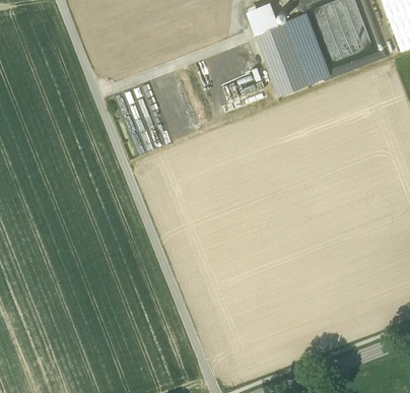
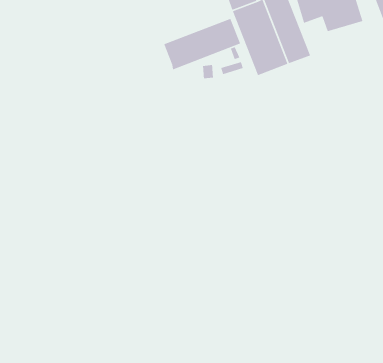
building: none -> [163,18,241,70]

